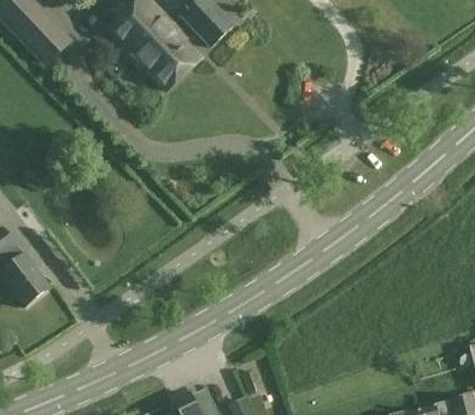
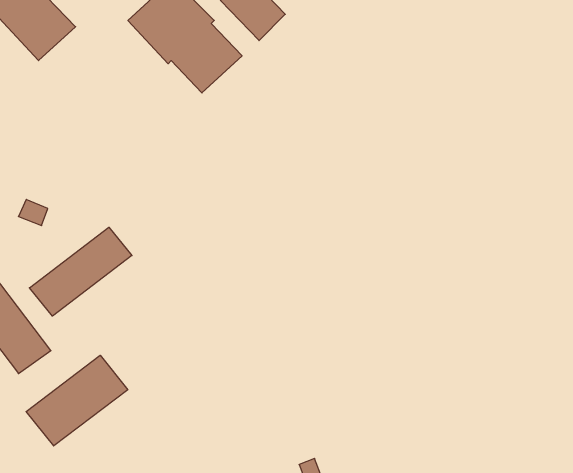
building: none -> [29,227,132,316]
building: none -> [26,355,128,446]

